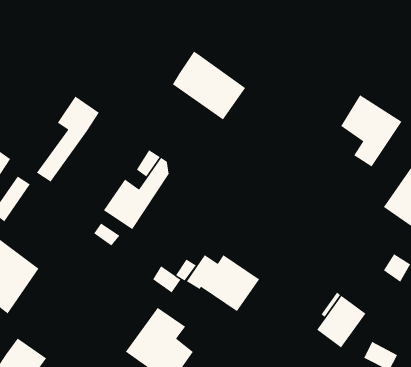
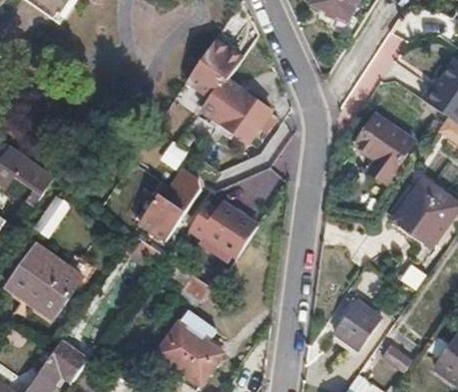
building: none -> [185,41,242,98]
building: [36,95,100,183] -> none
building: [186,254,260,312] -> [189,203,258,256]

